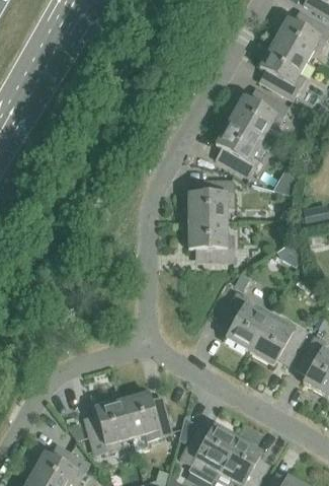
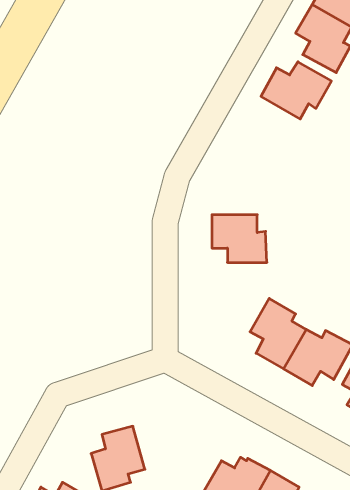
building: [216,120,263,178] -> none
building: [188,180,234,220] -> none
building: [121,392,173,440] -> none

